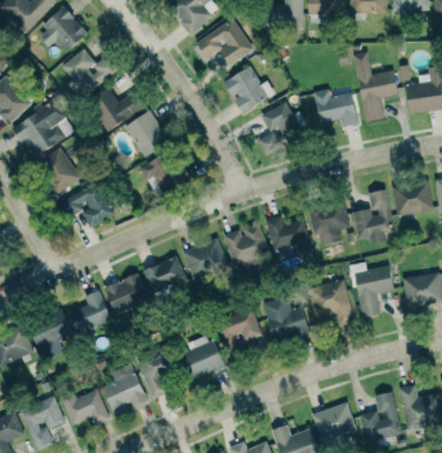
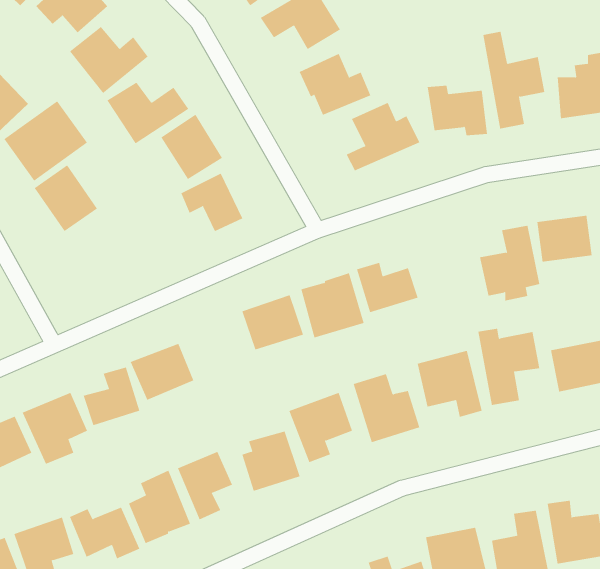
building: [57,183,113,226] -> none
building: [308,205,347,231] -> none
building: [143,255,186,294] -> none

